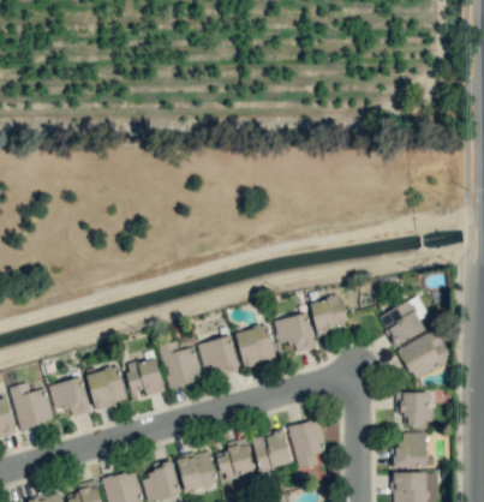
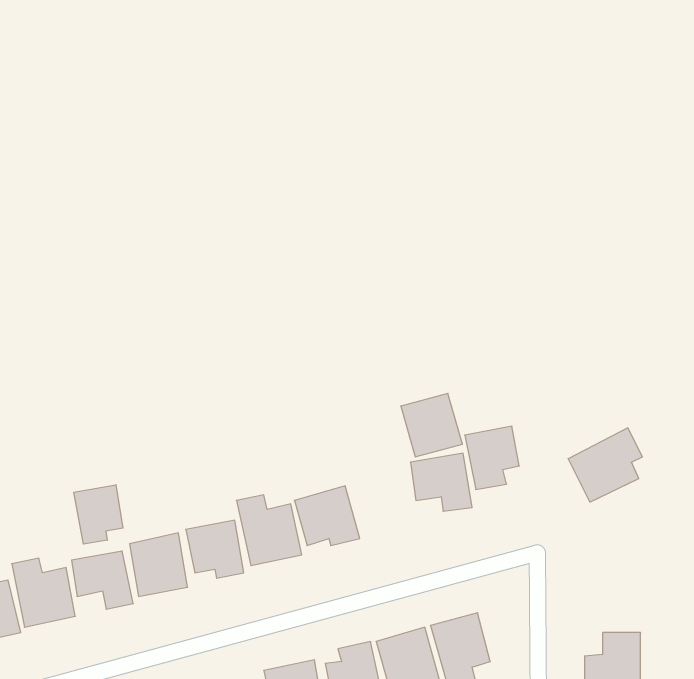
building: [234,324,275,366] -> [401,393,462,457]
building: [398,329,452,380] -> none
building: none -> [74,485,123,544]
building: [395,392,432,425] -> none

